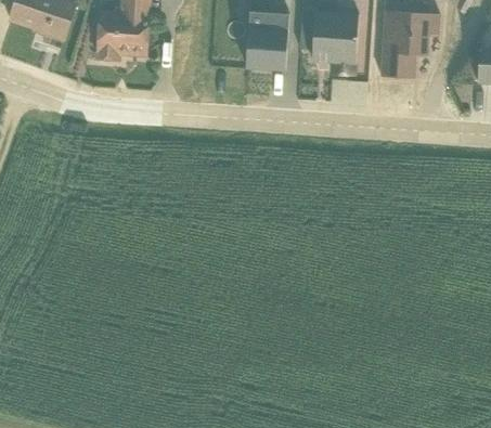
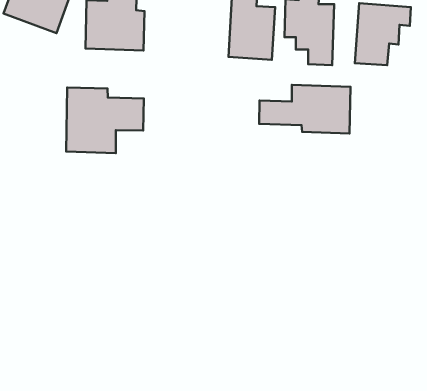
building: none -> [259,85,351,134]
building: none -> [66,87,144,153]

